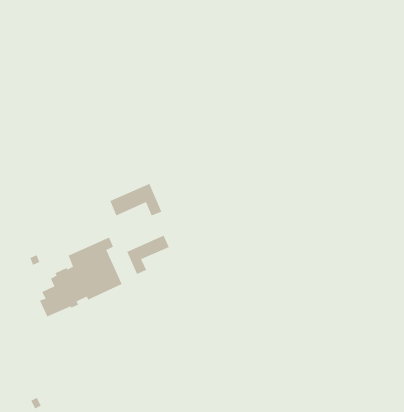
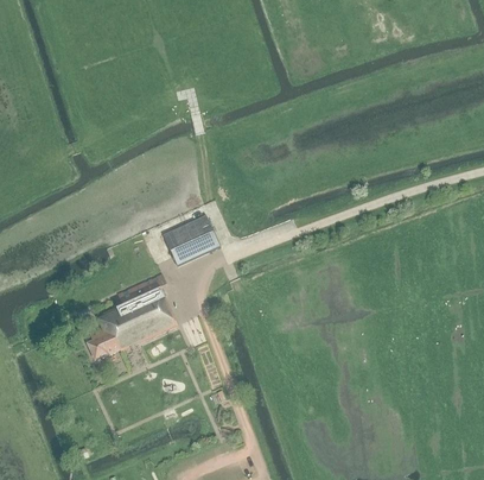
building: [126,235,170,275] -> none

